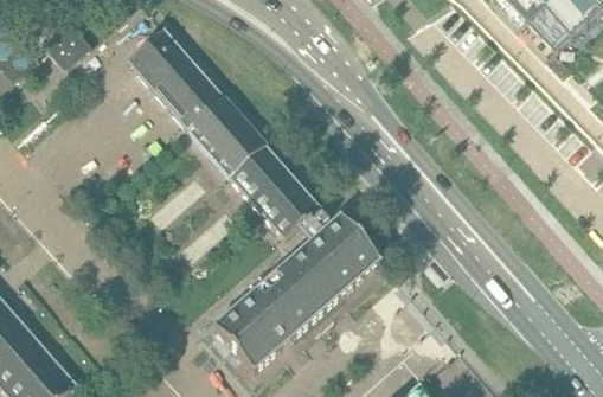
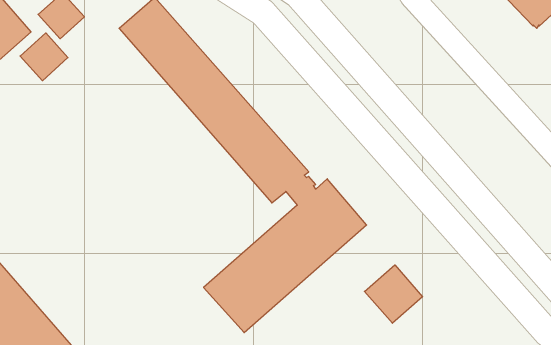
building: none -> [20,33,68,81]
building: none -> [364,265,423,323]

